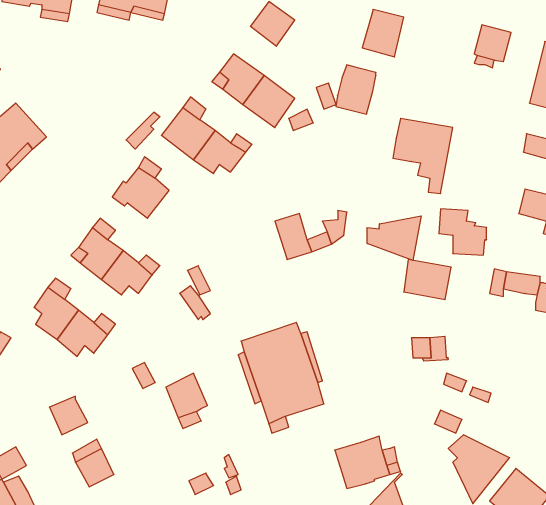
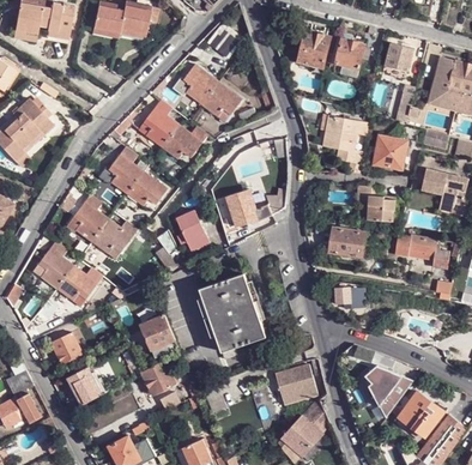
building: [336,65,376,114] -> [332,37,363,76]
building: none -> [371,133,406,169]
building: none -> [128,171,169,205]
building: [367,216,421,260] -> none
building: none -> [175,210,210,252]
building: none -> [143,362,175,394]

